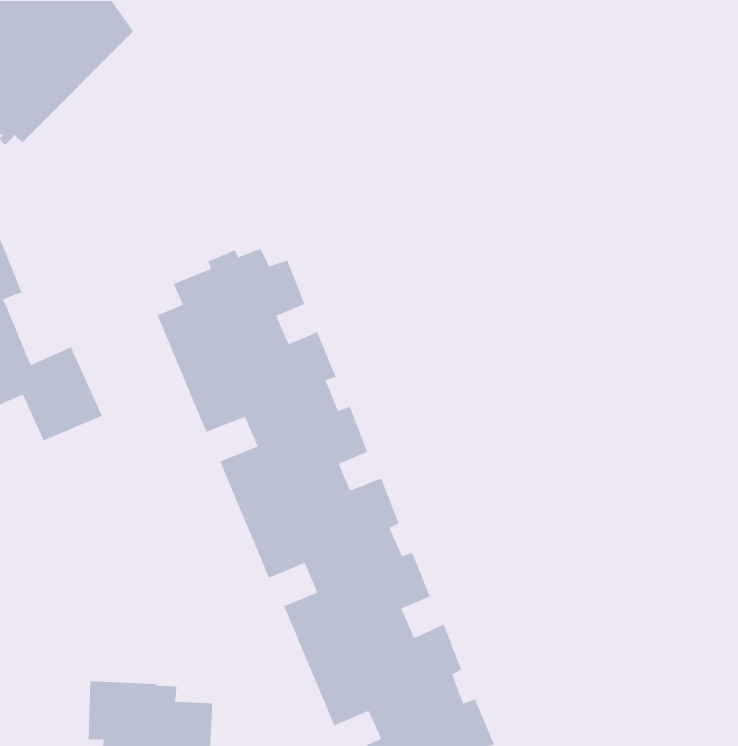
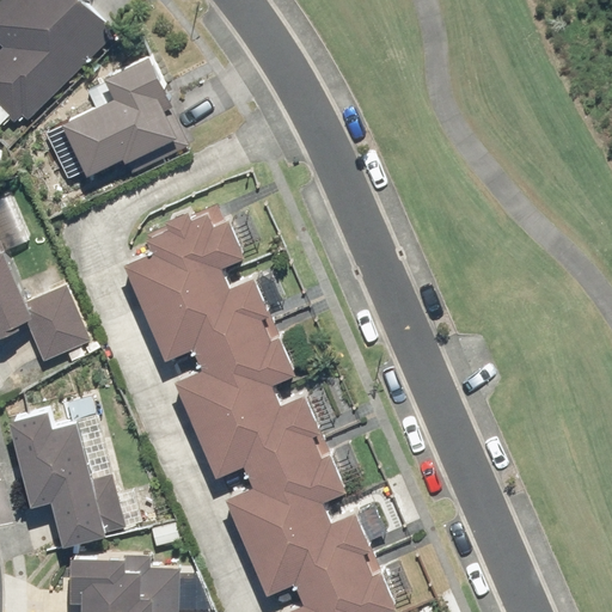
building: none -> [62,59,177,177]
building: none -> [10,412,106,547]

